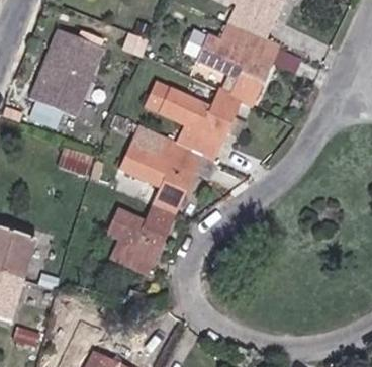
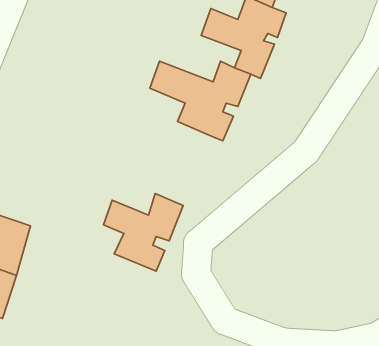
building: [36,37,96,121] -> none
building: [117,132,204,216] -> none

